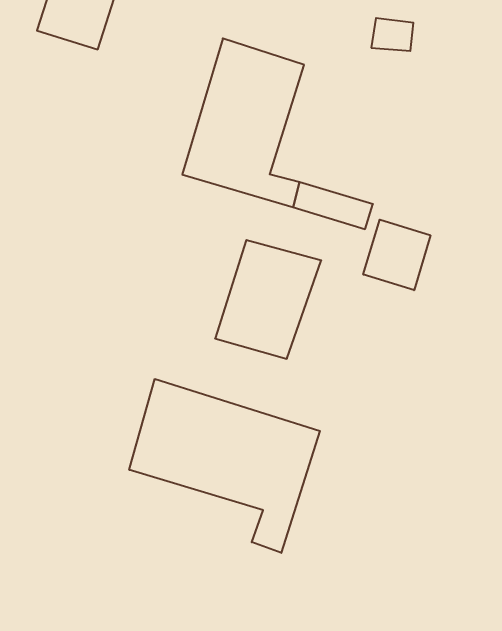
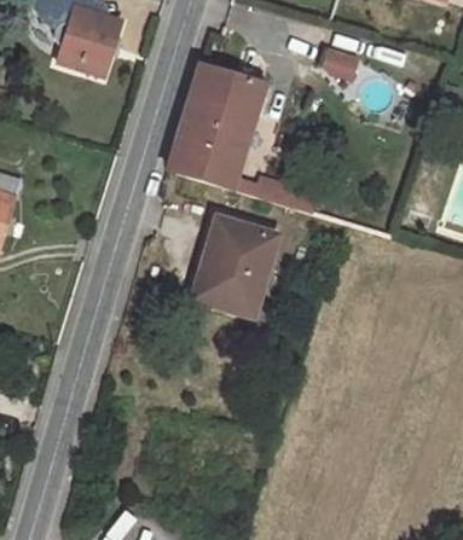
building: [363,220,430,290] -> none
building: [129,379,320,553] -> none

